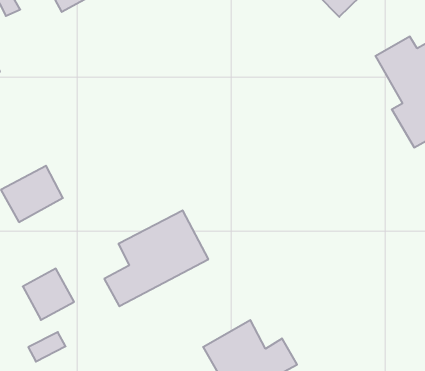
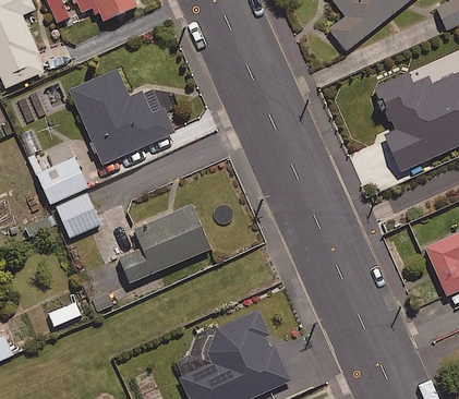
building: none -> [69,70,176,166]
building: [23,269,74,320] -> [56,193,99,237]

